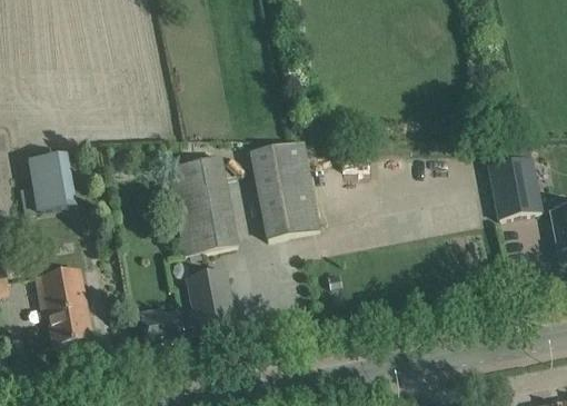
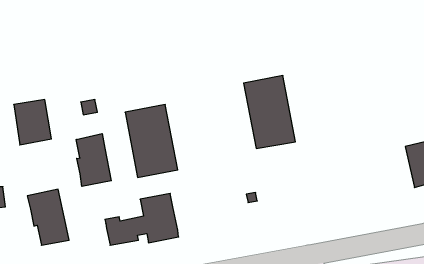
building: [251,140,320,237] -> [244,76,295,148]
building: [490,155,544,217] -> none
building: none -> [76,134,111,186]

